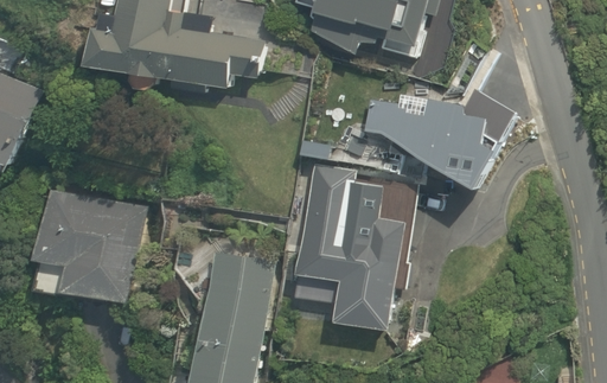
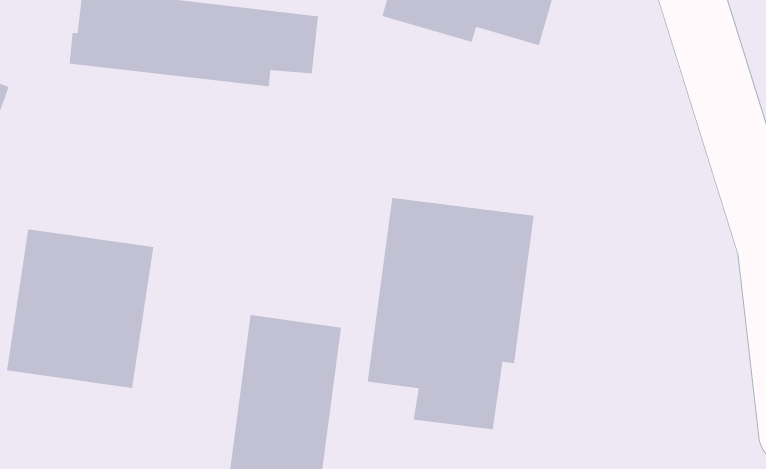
building: [360,92,498,202] -> none

